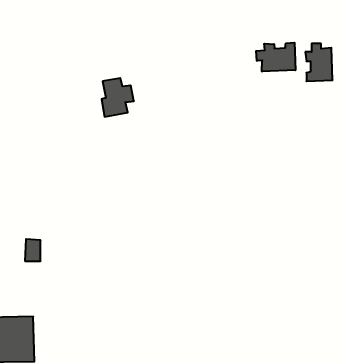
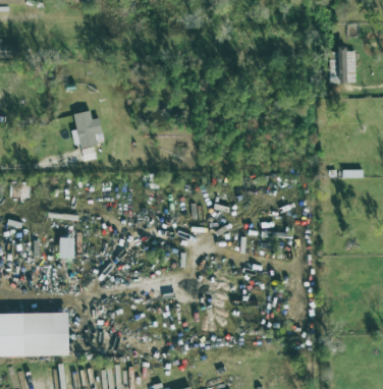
building: [256,43,295,72] -> none
building: [102,78,134,117] -> [72,110,104,148]

